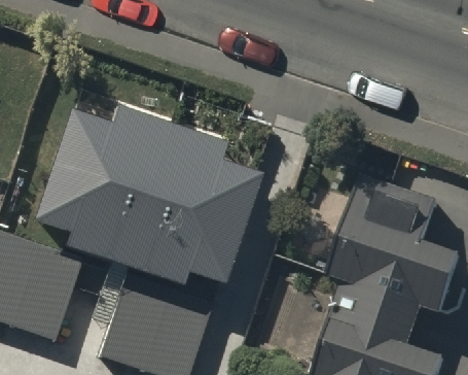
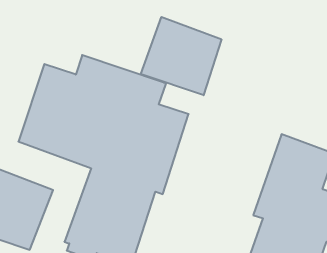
building: none -> [141,17,221,95]

